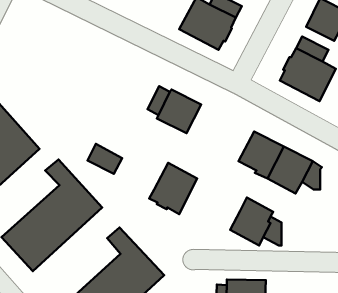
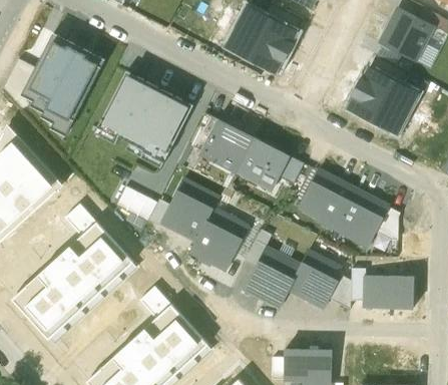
building: none -> [20,33,103,126]
building: none -> [96,71,192,161]
building: none -> [235,137,290,191]
building: none -> [160,179,217,241]
building: none -> [243,248,300,307]
building: none -> [364,276,412,309]

